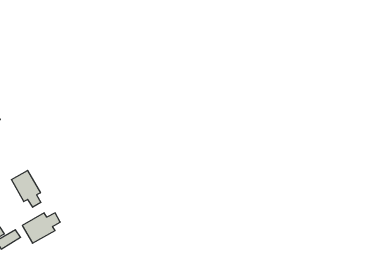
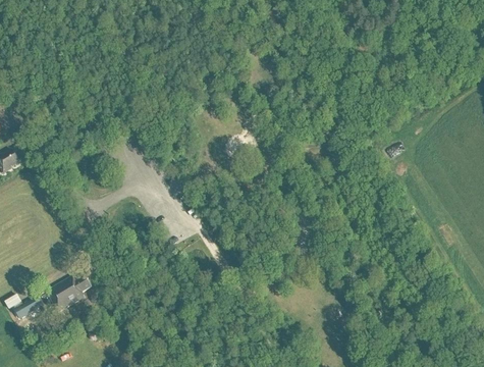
building: [11,170,41,207] -> none

